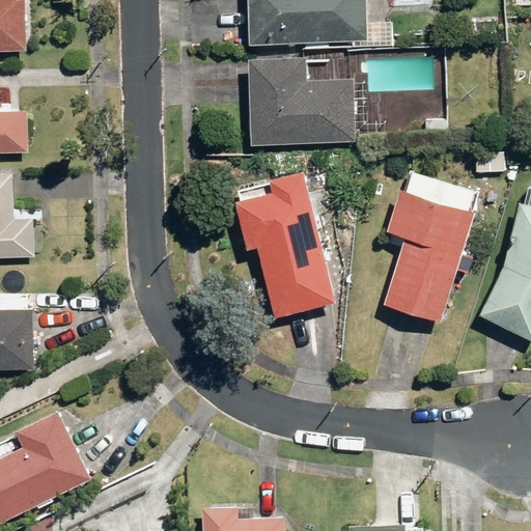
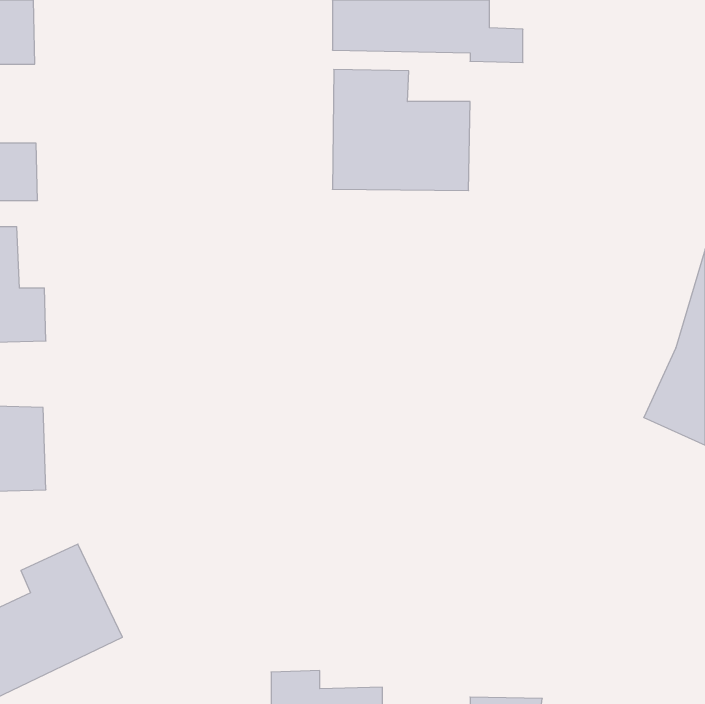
building: [383,168,481,319] -> none
building: [234,170,333,314] -> none

